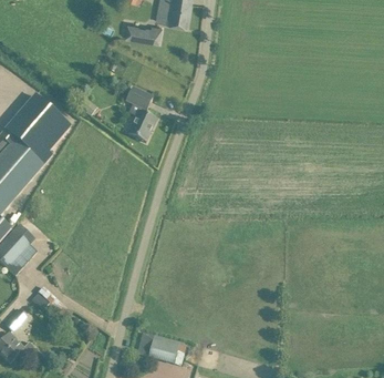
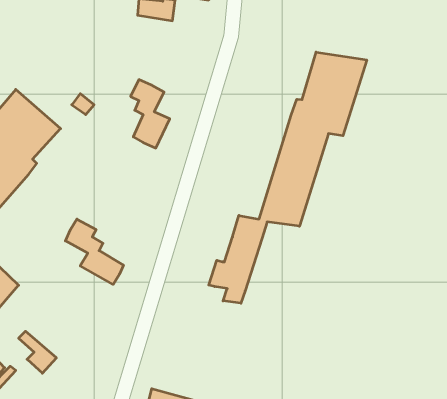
building: none -> [209,52,367,303]
building: none -> [65,219,123,284]

